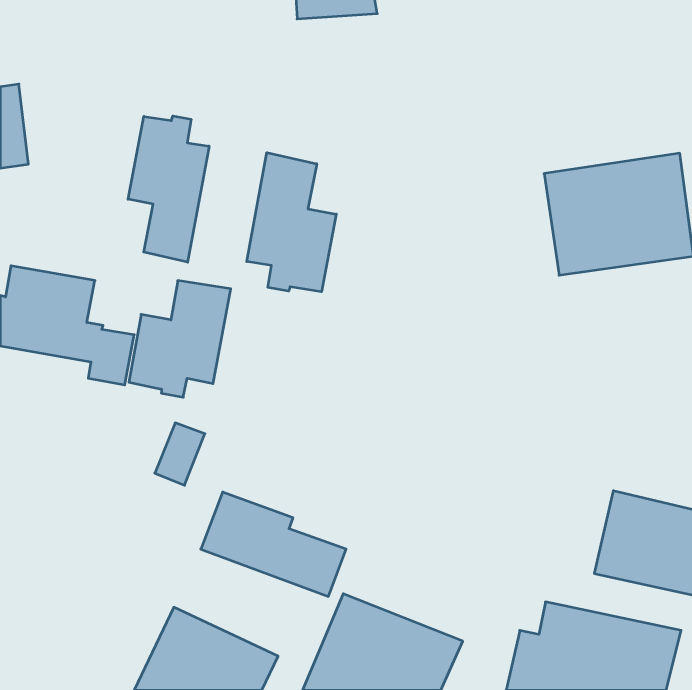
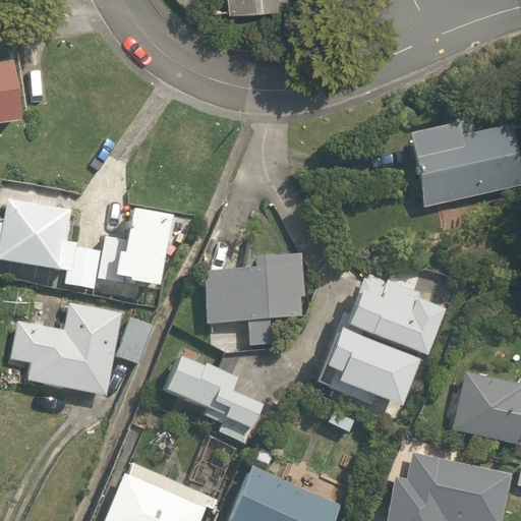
building: [128,116,209,262] -> none
building: [247,153,336,292] -> none
building: none -> [194,228,306,347]
building: none -> [329,272,448,421]
building: none -> [11,304,124,396]

